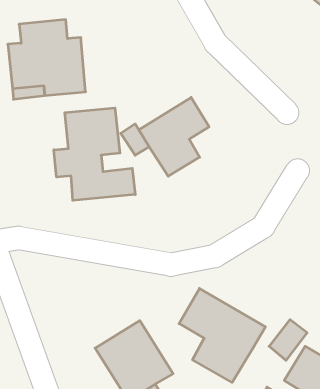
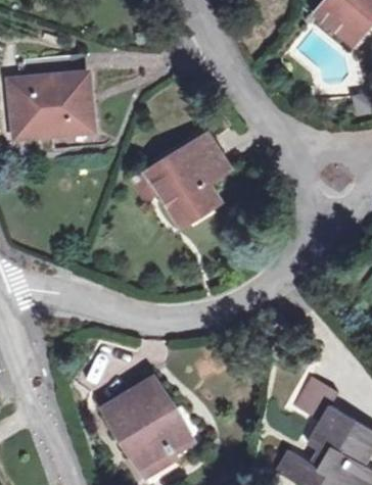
building: [54,108,135,200] -> none
building: [179,288,265,382] -> none

